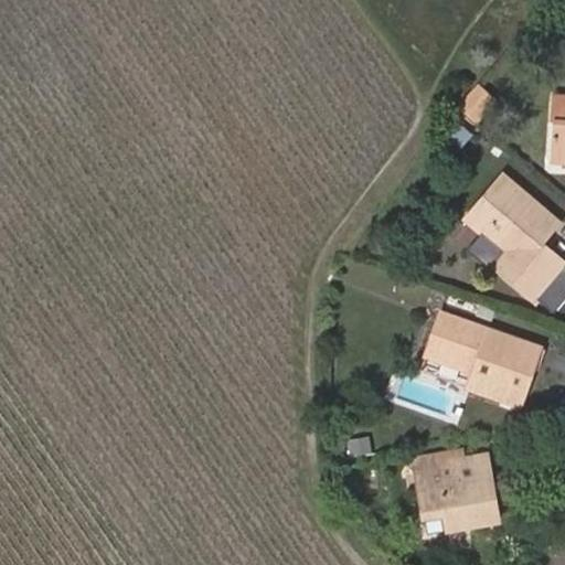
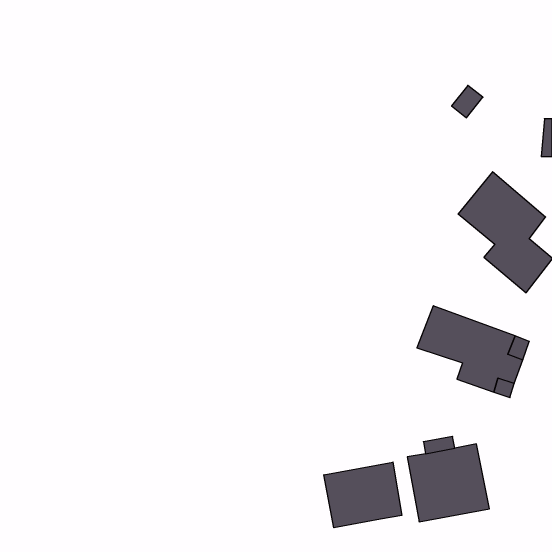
building: none -> [324,462,402,528]

